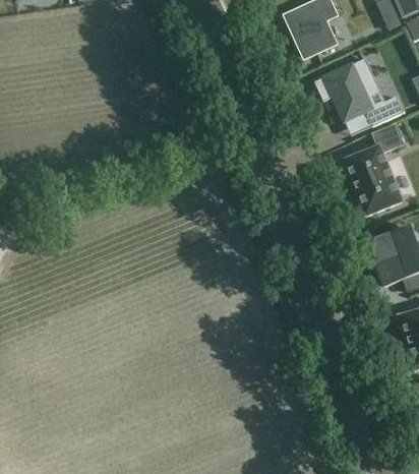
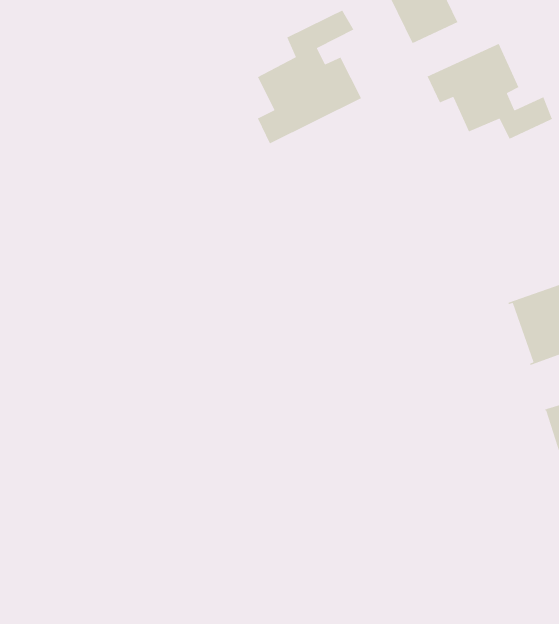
building: none -> [257,8,362,145]
building: [342,124,402,216] -> none

